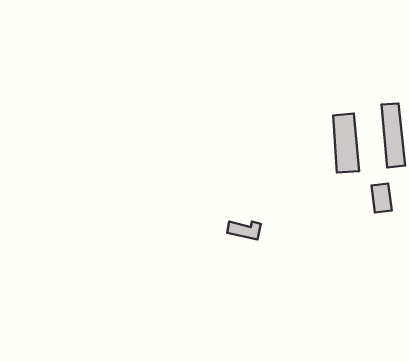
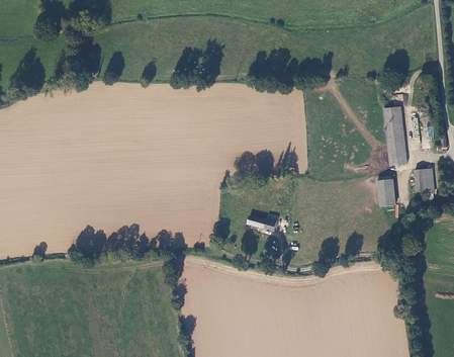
building: [333,113,359,173] -> none

